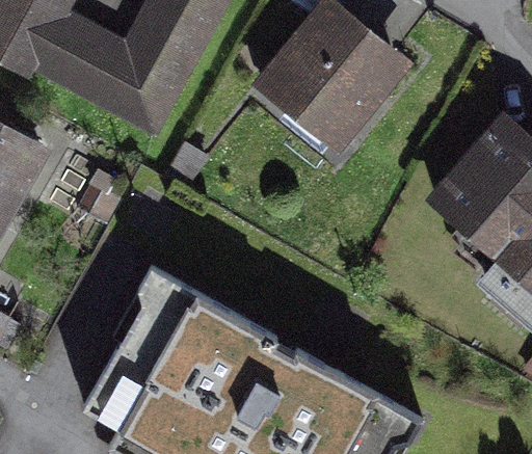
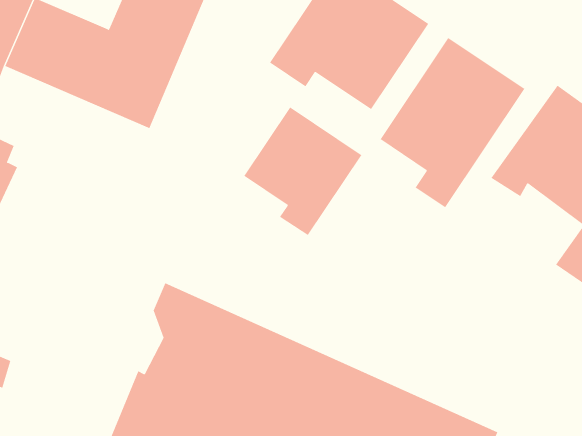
building: none -> [380,37,525,208]
building: none -> [244,107,362,236]

